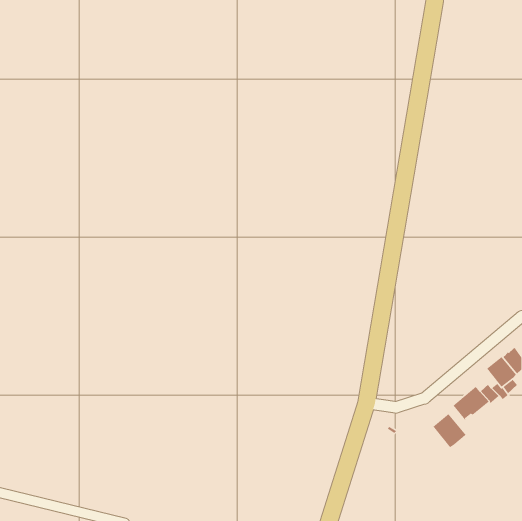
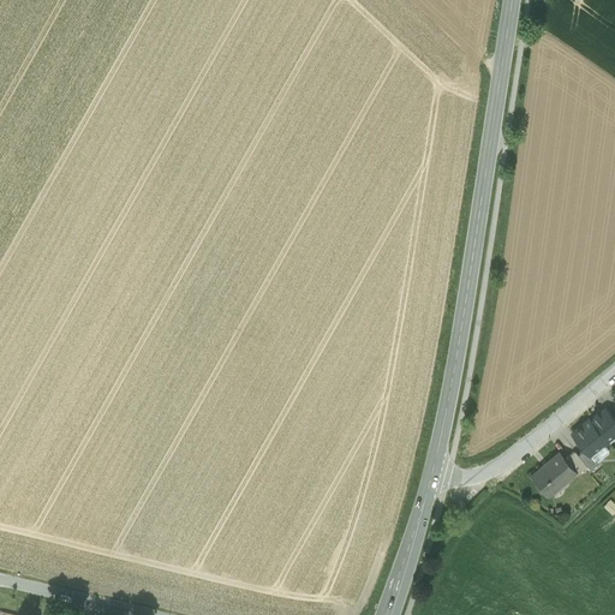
building: [433,413,467,448] -> none

